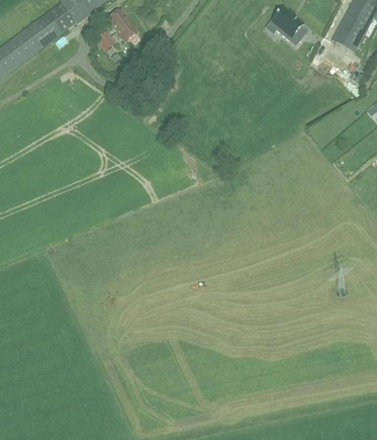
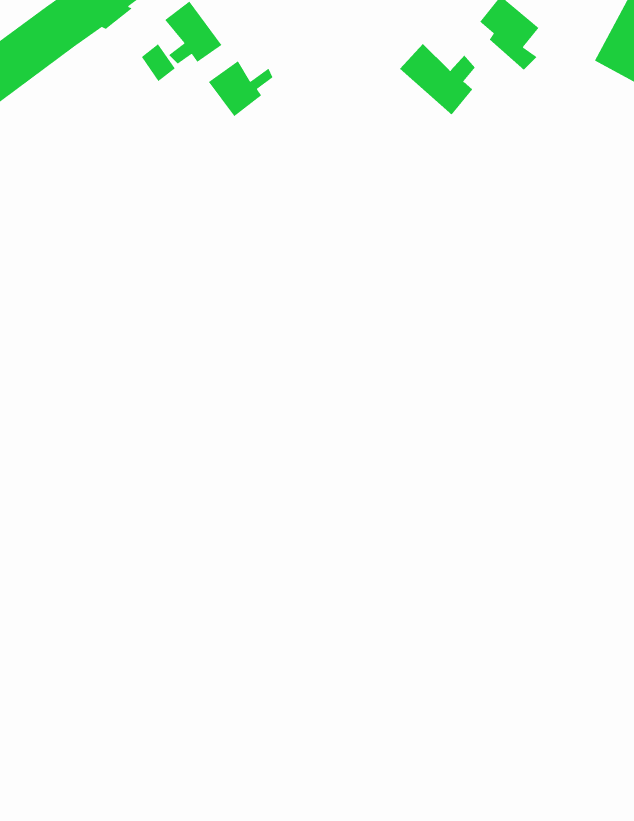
building: none -> [399,43,476,115]
building: none -> [208,60,273,117]

